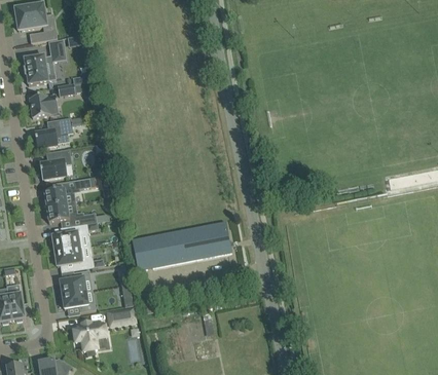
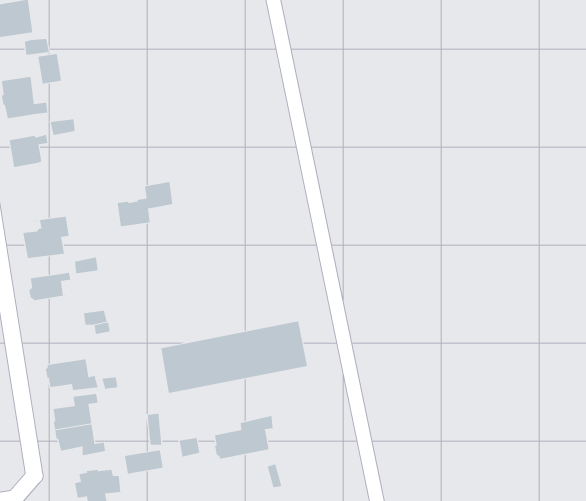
building: [34,116,72,147] -> [117,181,173,227]
building: [44,201,75,222] -> none
building: [51,225,84,250] -> none
building: none -> [215,415,273,459]

